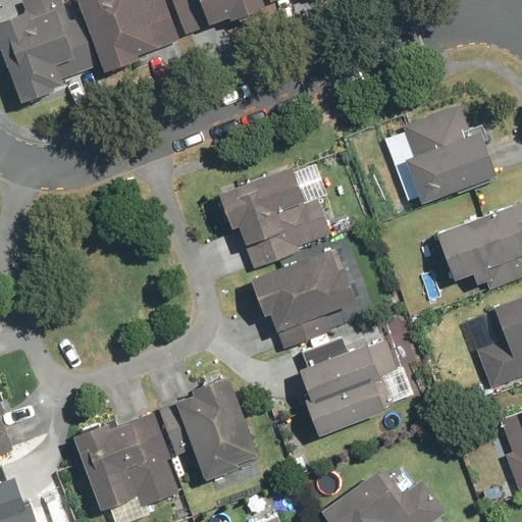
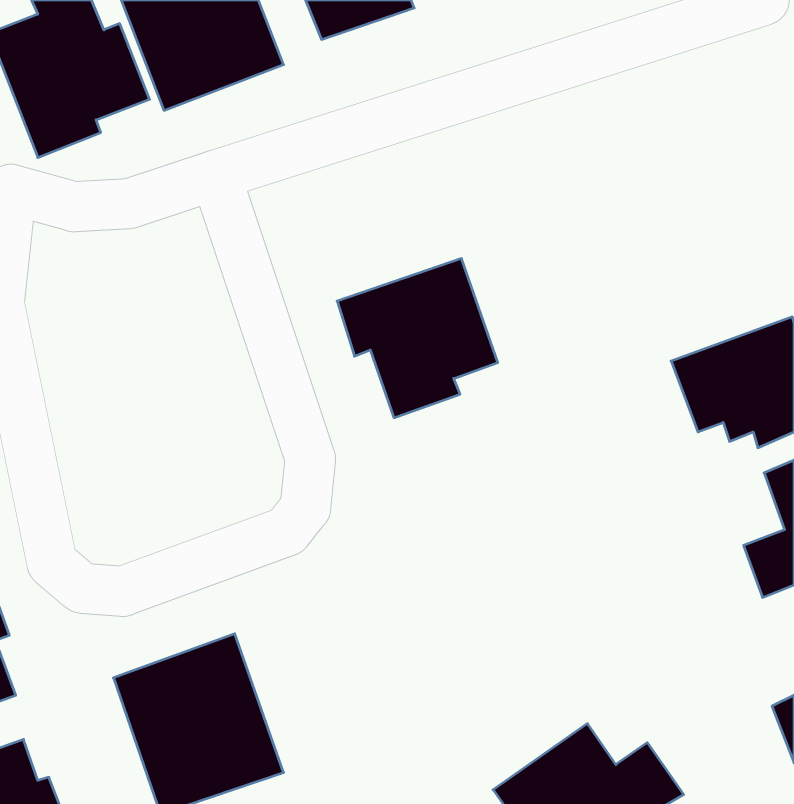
building: [400,104,494,201] -> none
building: [251,246,358,348] -> none
building: [296,336,417,433] -> none
building: [175,376,263,480] -> none

